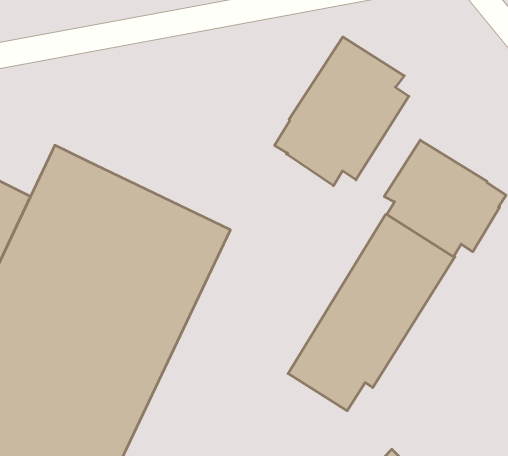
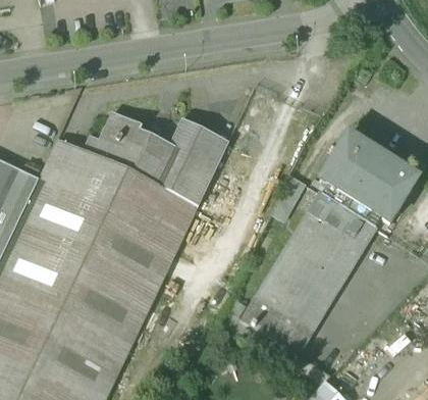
building: [275,37,409,186] -> none
building: none -> [83,112,227,205]

